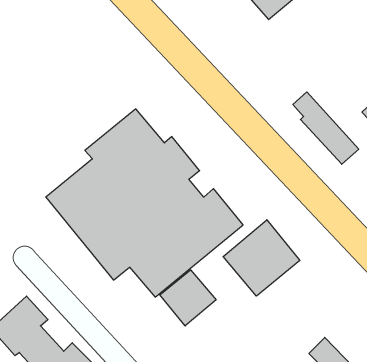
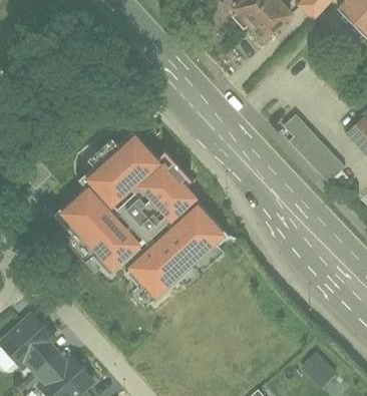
building: [223,220,300,296] -> none
building: [160,270,216,326] -> none

